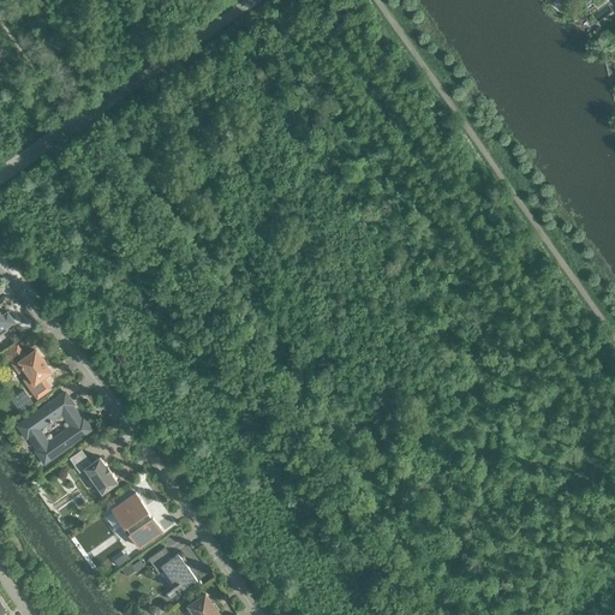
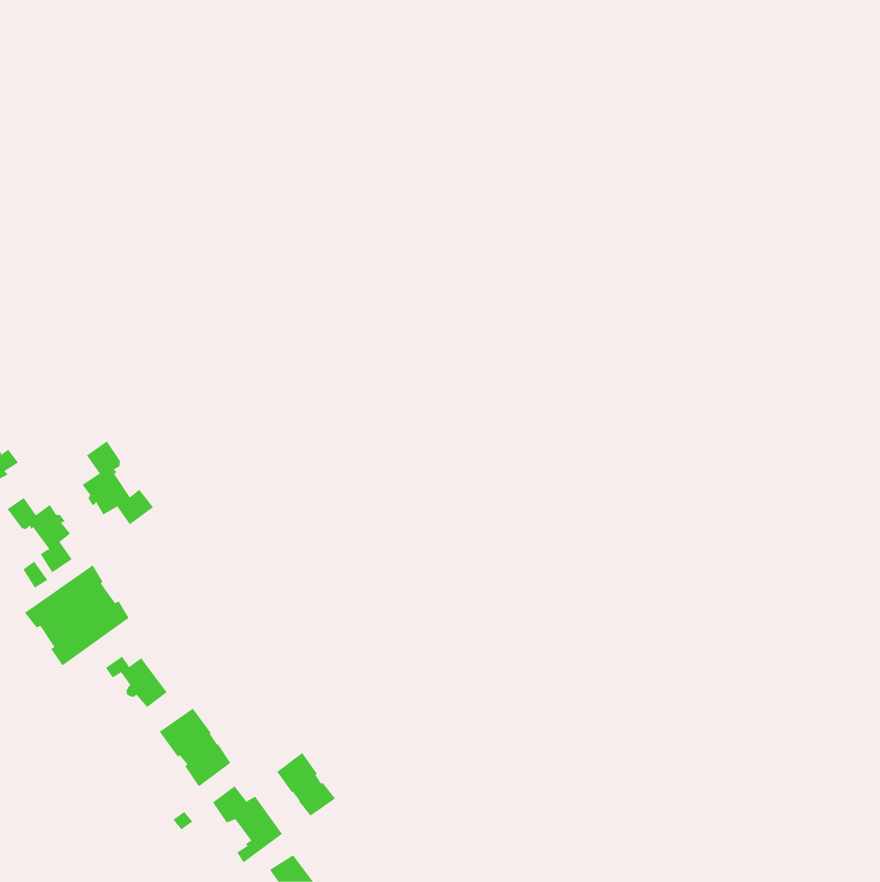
building: none -> [82,441,154,525]
building: none -> [276,752,336,817]

